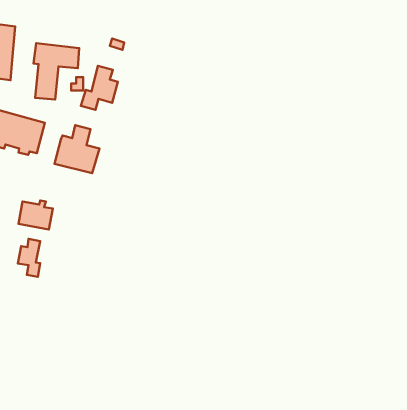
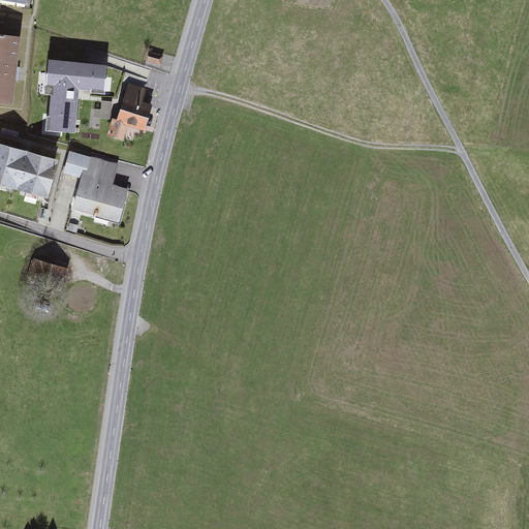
building: none -> [62,154,90,180]
building: [18,239,40,277] -> none

